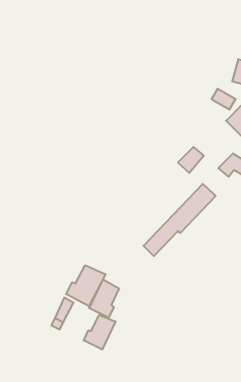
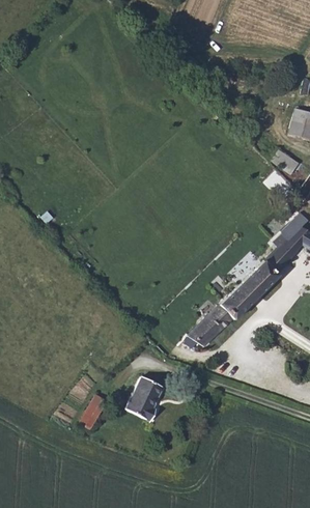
building: [178,147,204,173] -> [262,241,293,272]
building: [66,265,106,306] -> none
building: [84,315,116,350] -> none

